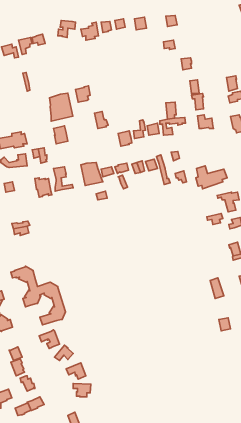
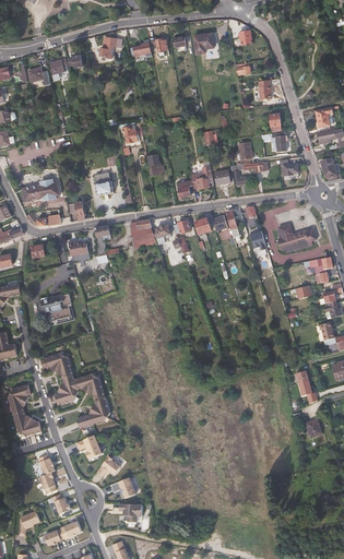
building: [49,93,73,121] -> none

